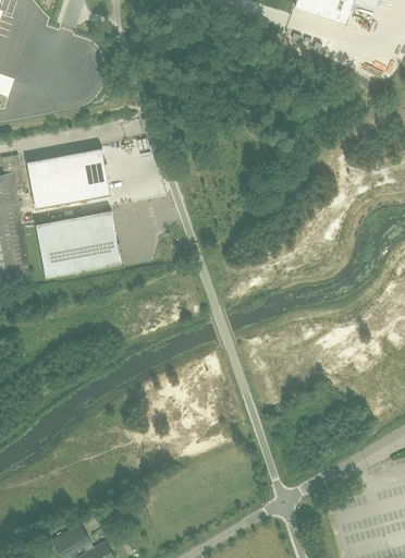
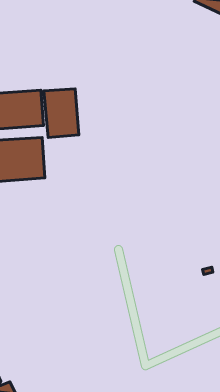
building: none -> [44,89,79,137]

